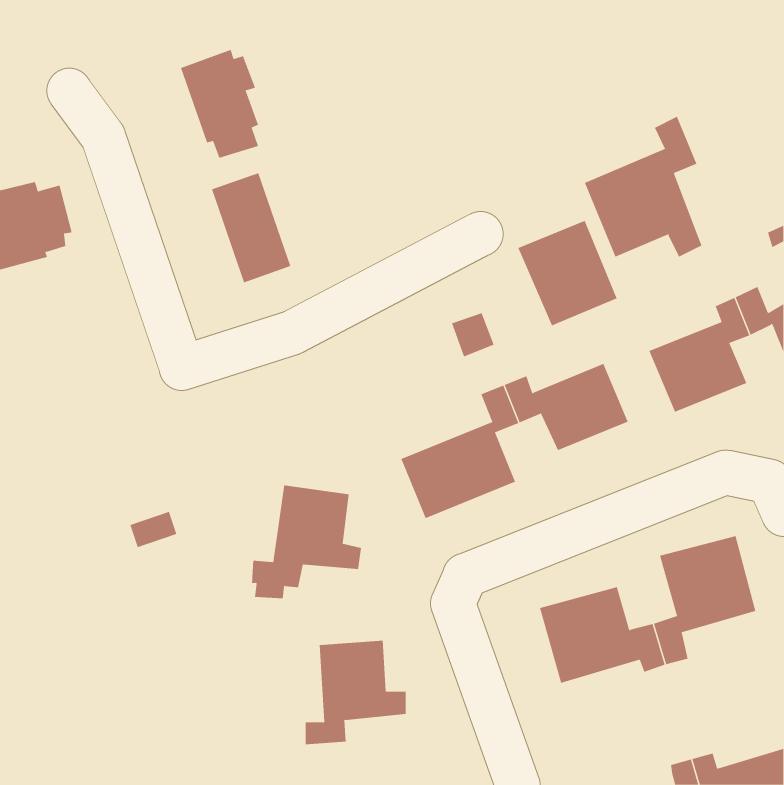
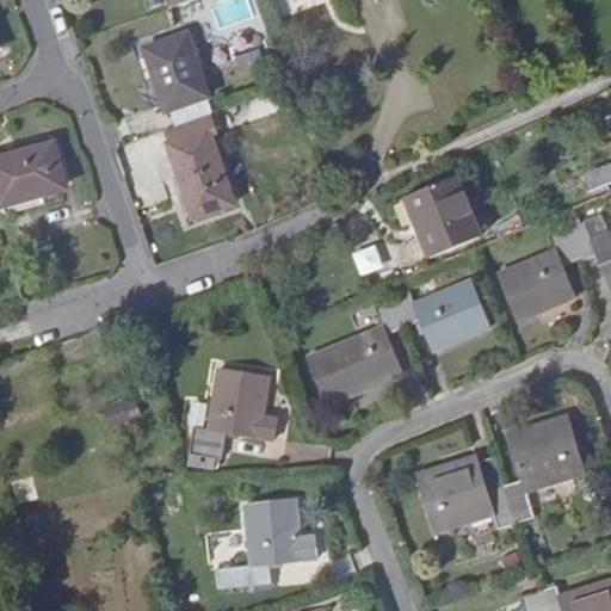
building: [584,116,702,258] -> none

